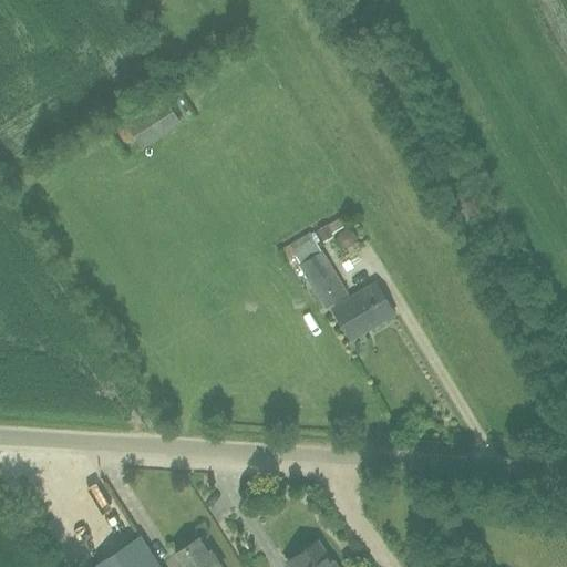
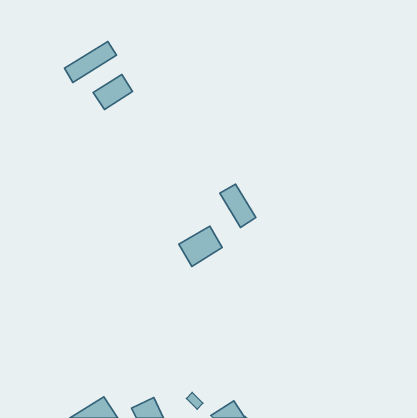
building: none -> [65,41,117,82]
building: [334,285,393,339] -> [179,226,222,266]

